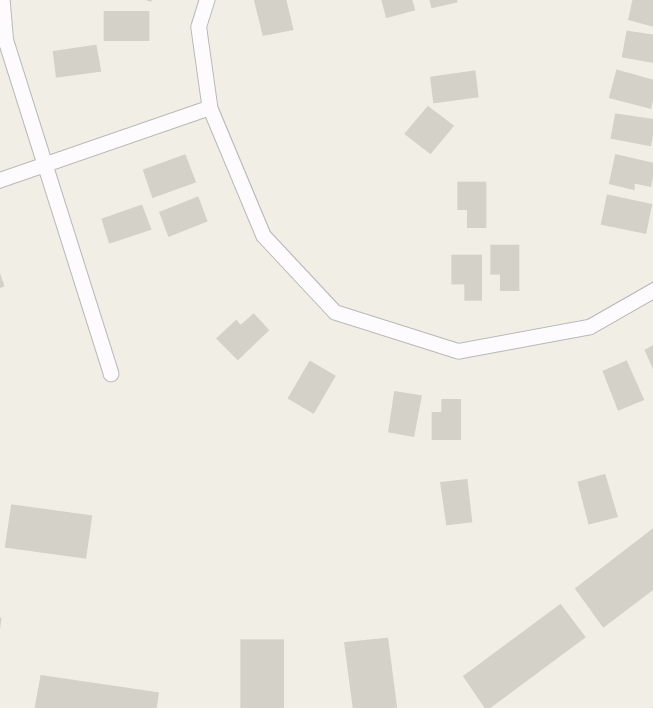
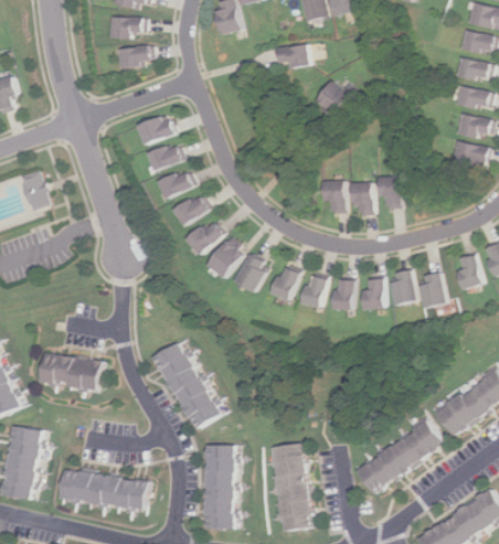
building: [52,44,102,78] -> [118,44,152,67]
building: [429,70,480,104] -> [274,44,308,67]
building: [456,181,487,228] -> [319,180,340,212]
building: [100,204,152,244] -> [159,170,194,198]
building: none -> [173,194,210,226]
building: none -> [208,241,244,278]
building: none -> [273,266,300,300]
building: none -> [390,270,418,305]
building: [576,473,619,525] -> [420,273,448,308]
building: [439,479,473,526] -> [363,278,386,310]
building: none -> [149,342,217,429]

